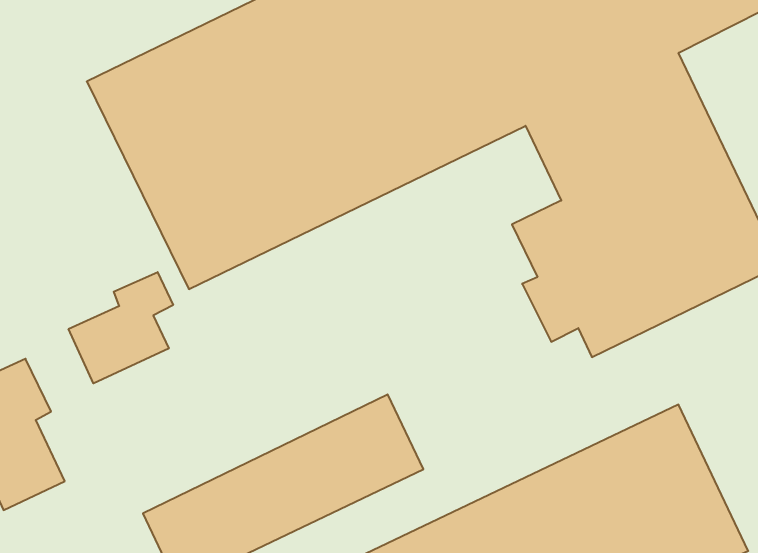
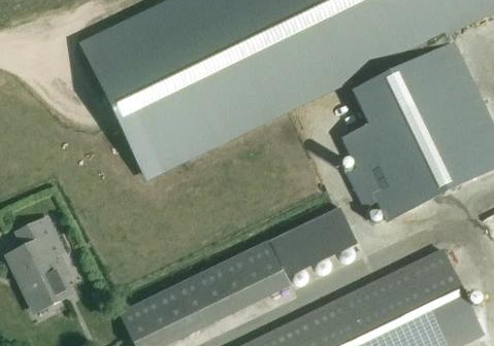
building: [69,272,173,383] -> none
building: none -> [268,207,357,276]

